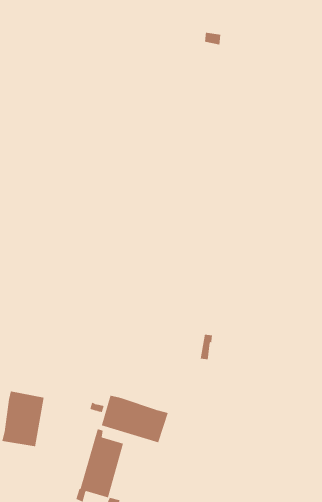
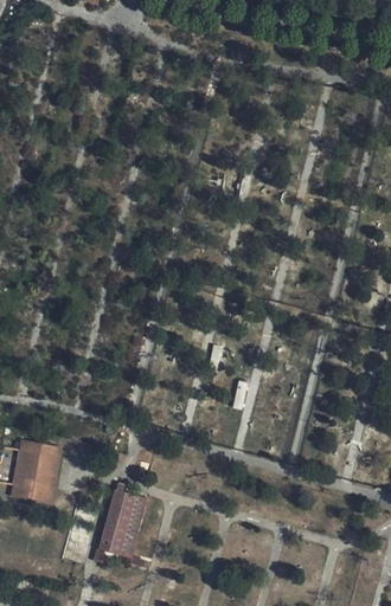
building: [101,395,168,443] -> none

